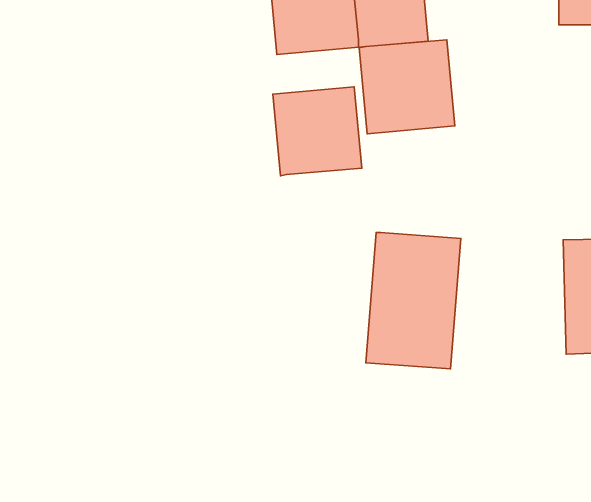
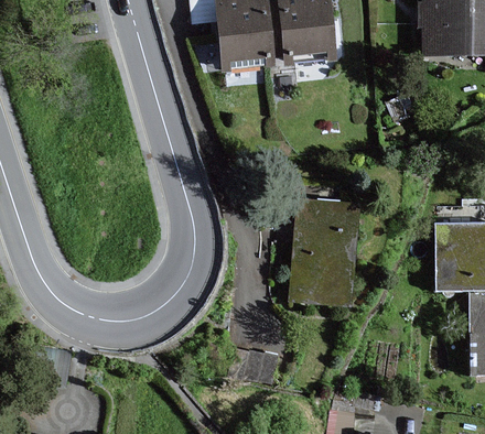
building: [359,40,455,134] -> none
building: [273,87,362,176] -> none

